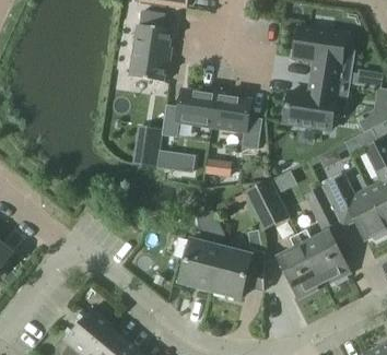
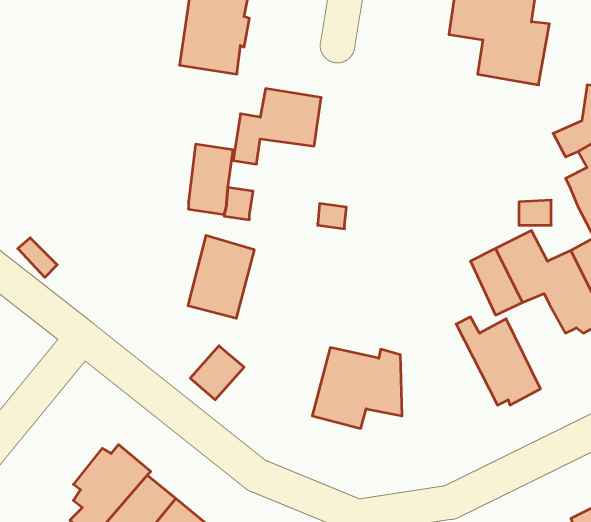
building: [283,82,348,130] -> none
building: [211,96,261,149] -> none
building: [244,180,289,228] -> none
building: [278,234,322,298] -> none
building: [180,239,221,289] -> [188,235,254,318]

